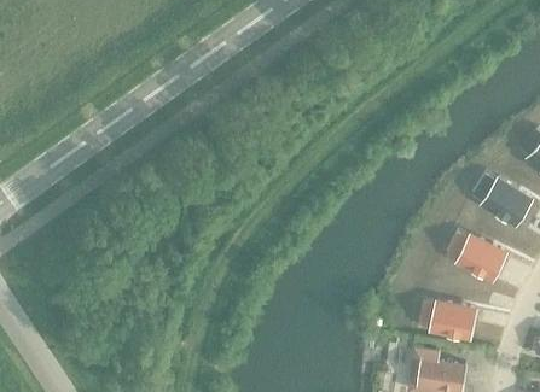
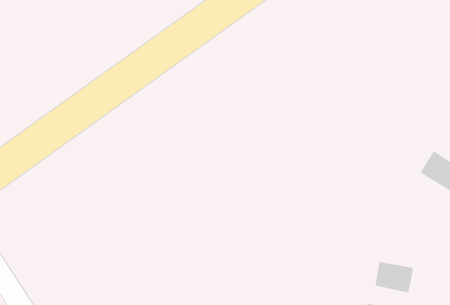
building: [455,235,505,280] -> none

